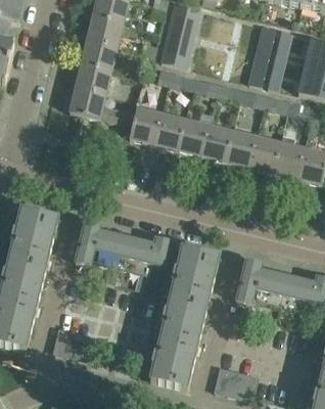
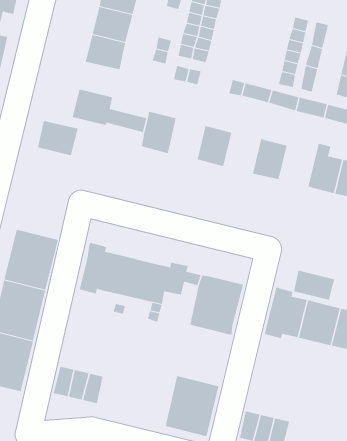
building: [75,63,110,94] -> [37,120,78,156]
building: [152,112,184,148] -> none
building: [200,125,232,161] -> none
building: [248,136,280,172] -> none
building: none -> [293,270,335,300]
building: [159,291,207,345] -> none

